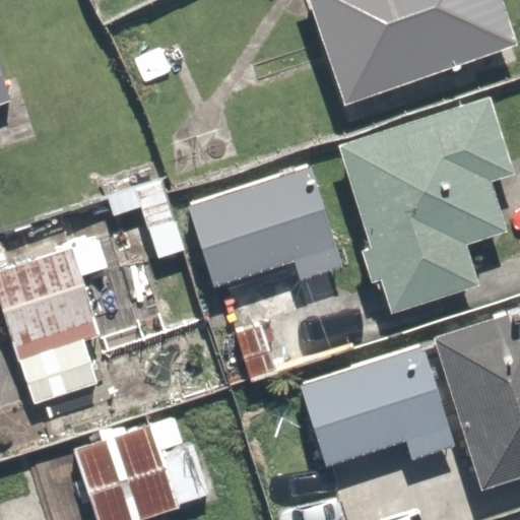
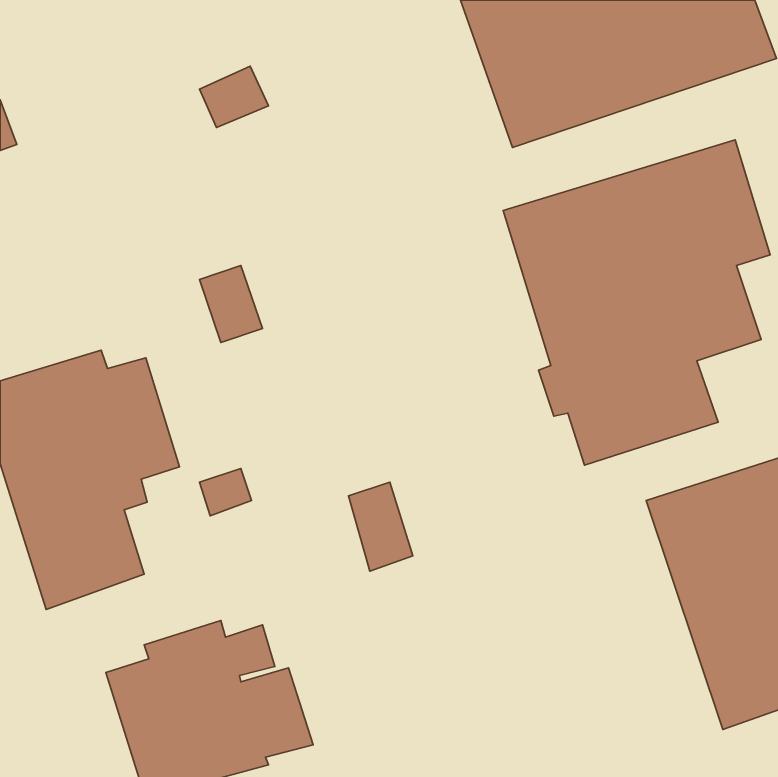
building: [188,167,343,287] -> none
building: [301,346,456,465] -> none

